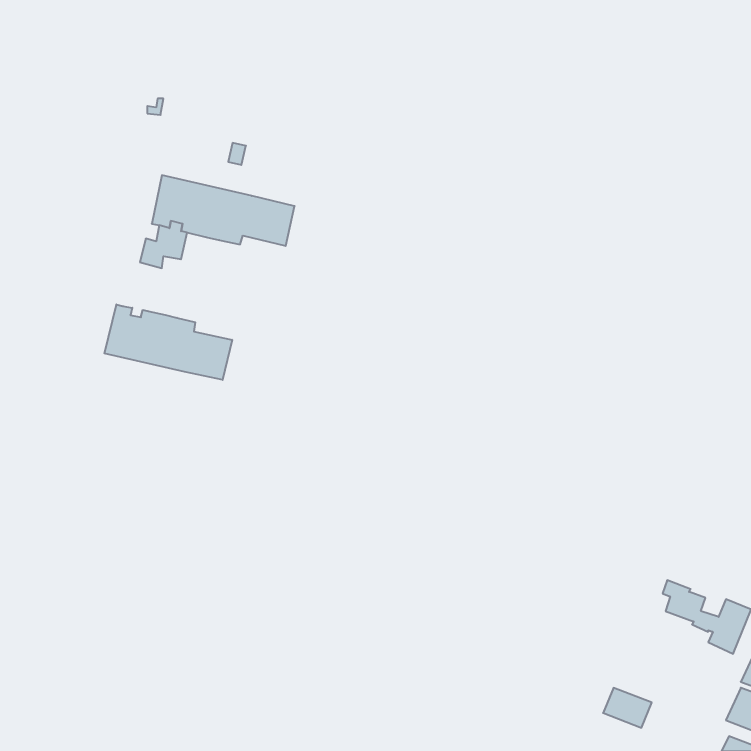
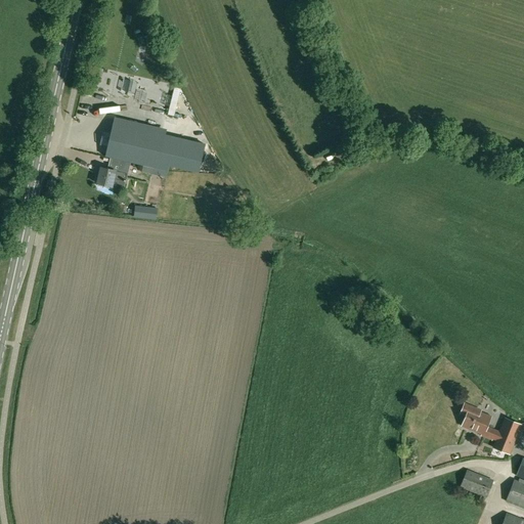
building: [104,304,232,380] -> none
building: [603,688,652,728] -> [461,469,494,496]

